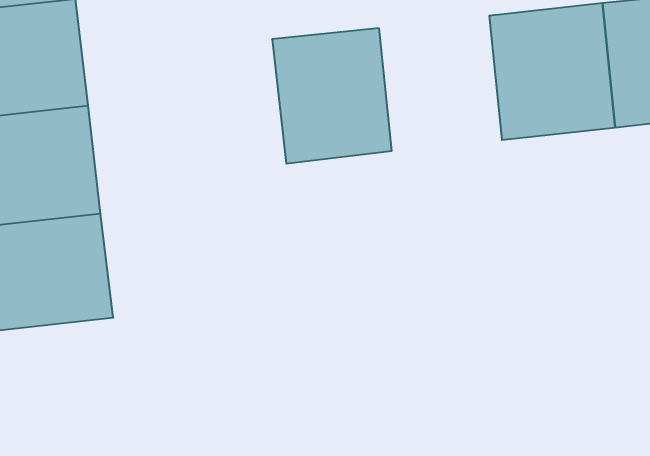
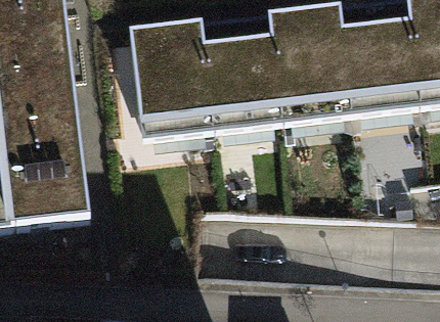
building: none -> [261,14,341,102]
building: none -> [126,30,201,118]

